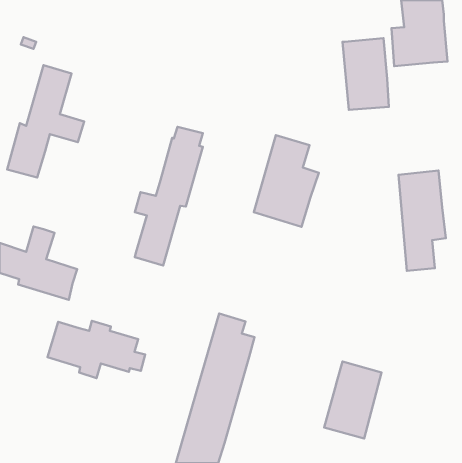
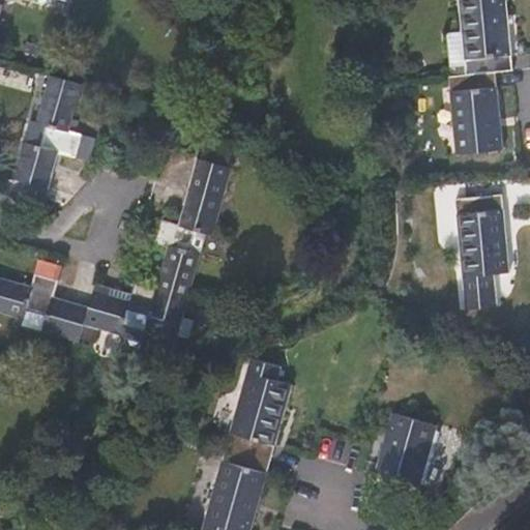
building: [343,38,389,110] -> [448,71,501,153]
building: [254,135,319,227] -> none
building: [47,321,145,378] -> [83,283,195,348]

